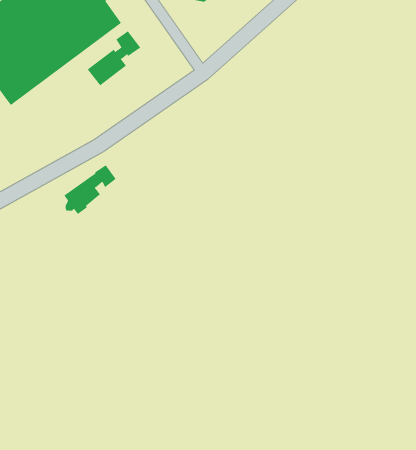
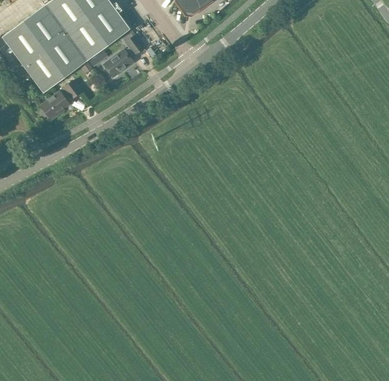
building: [63,164,116,215] -> [40,80,81,119]

